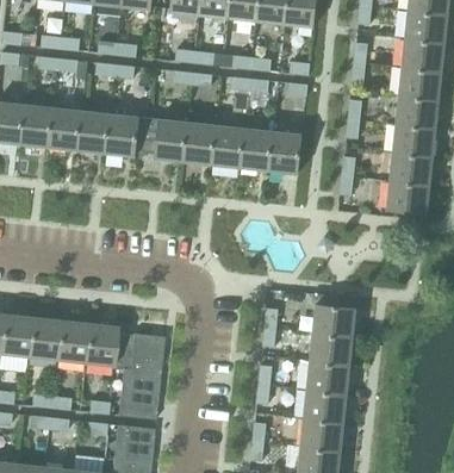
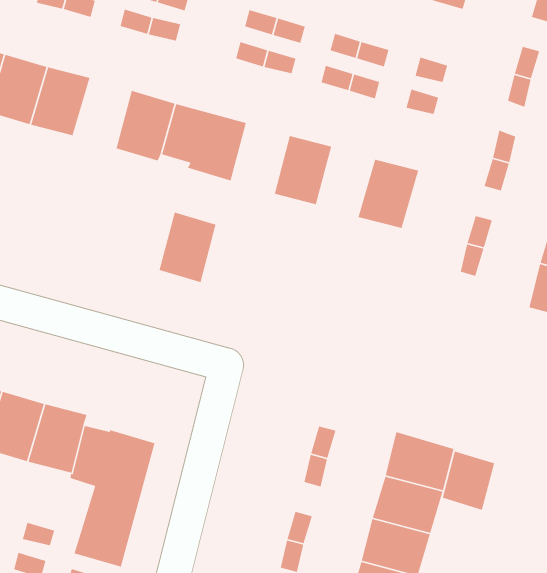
building: [76,110,108,153] -> none
building: [182,122,214,164] -> [159,211,217,283]
building: [240,127,272,170] -> none
building: none -> [442,450,495,511]

